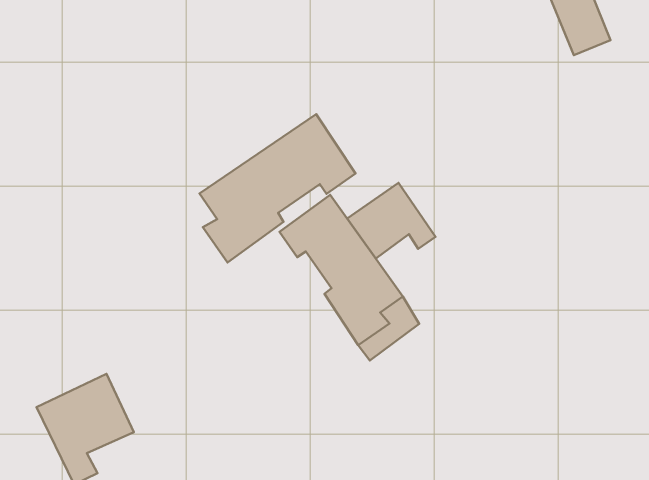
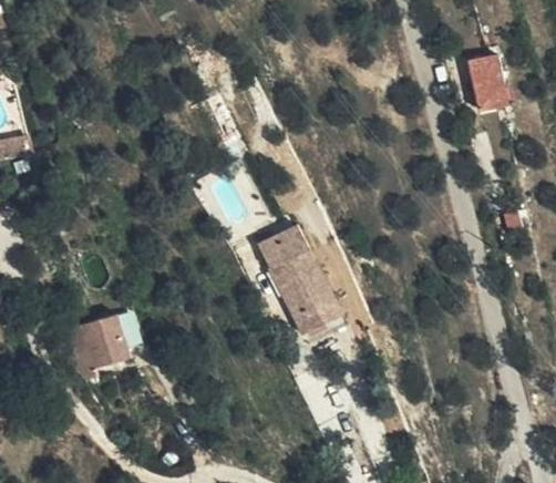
building: [199,114,355,263] -> none
building: [347,183,435,258] -> none

